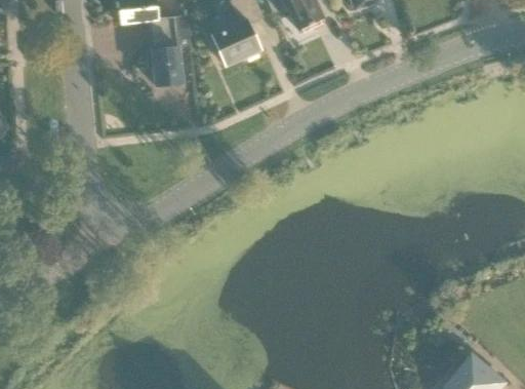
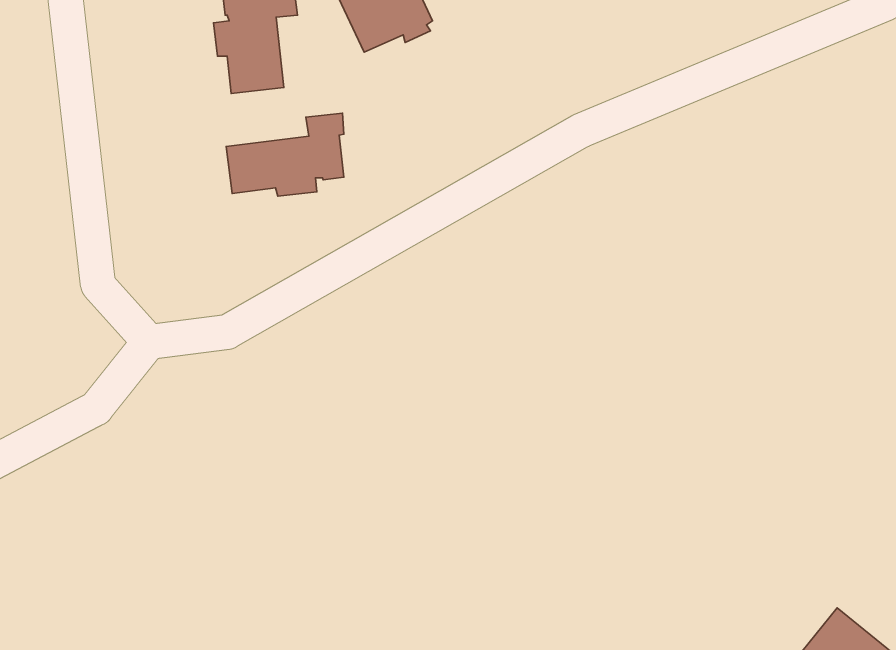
building: none -> [226,113,344,196]

